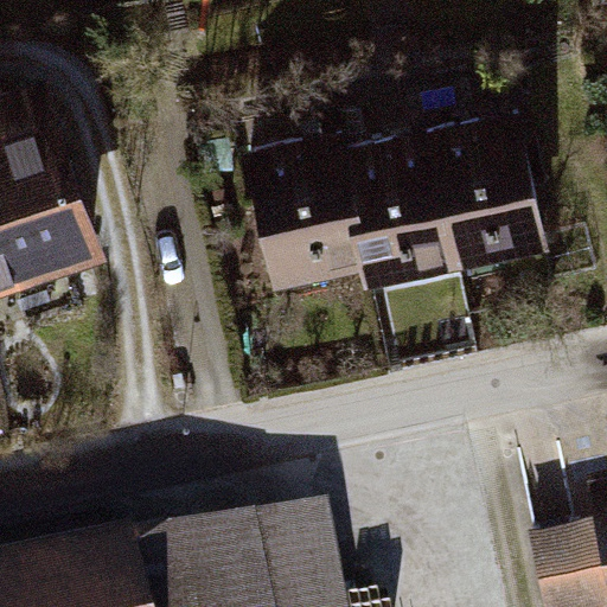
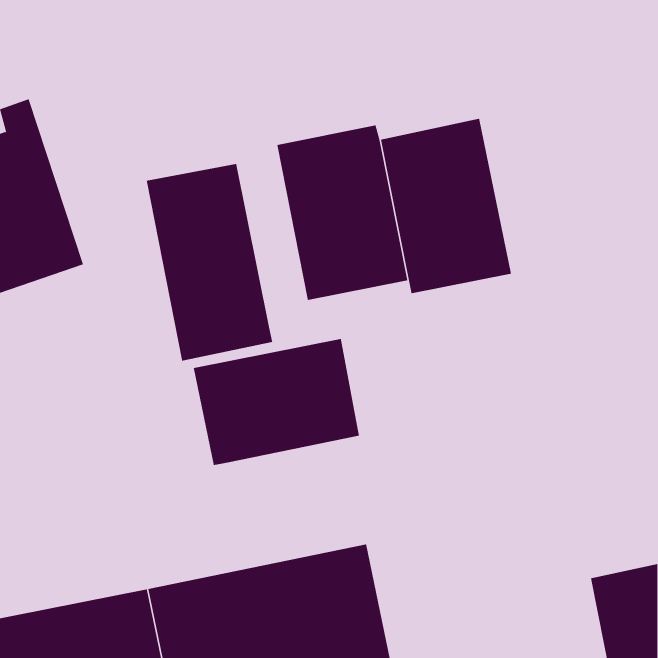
building: [428,107,547,263] -> none
building: none -> [146,163,273,361]
building: none -> [193,338,360,466]

